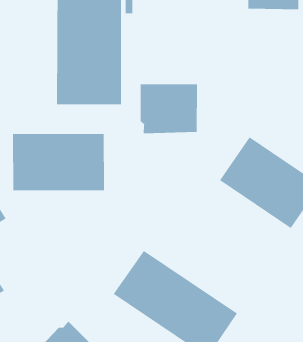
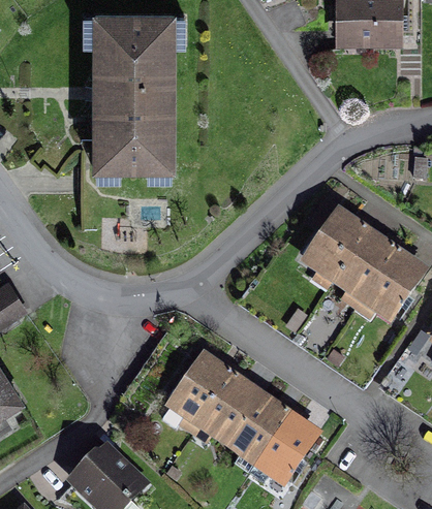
building: [140,83,198,134] -> none
building: [12,133,105,191] -> none

